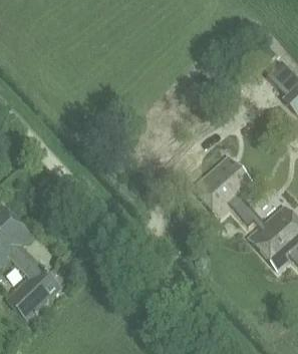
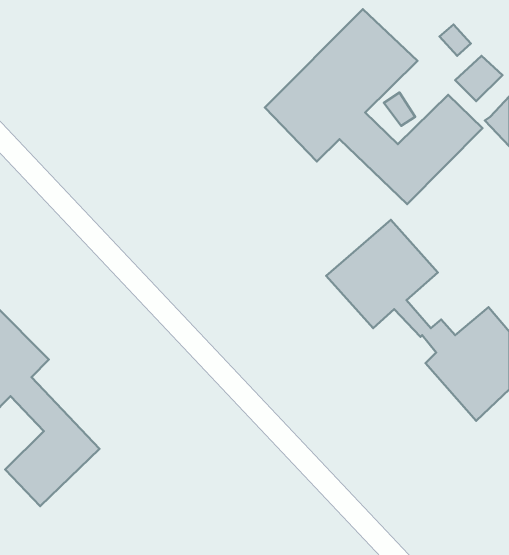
building: none -> [265,9,483,204]

